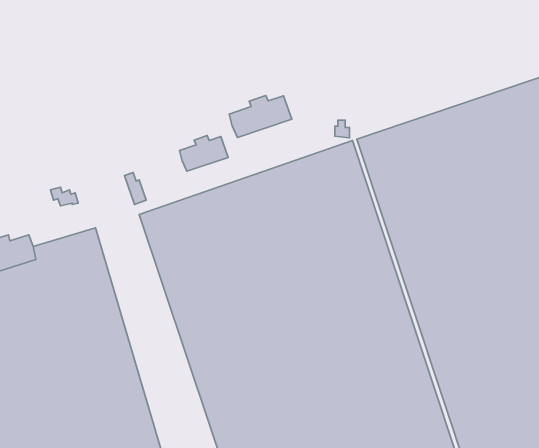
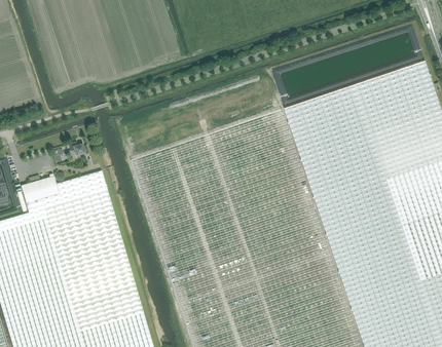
building: [229,95,292,138] -> none
building: [179,136,228,171] -> none

